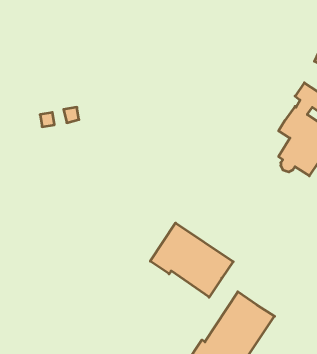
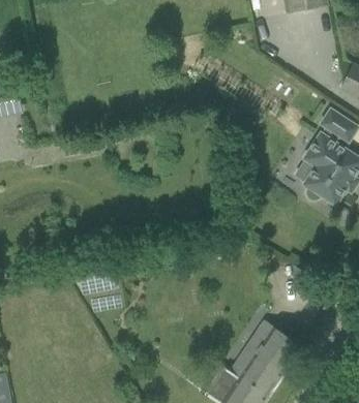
building: [150,223,233,297] -> none

